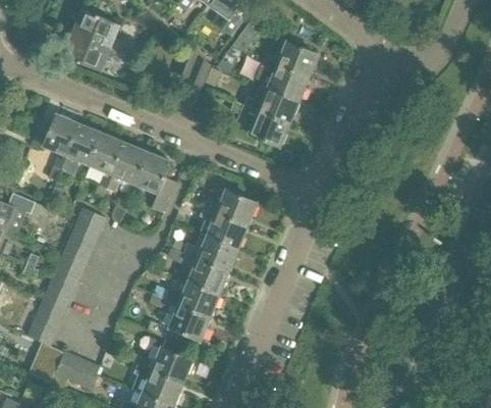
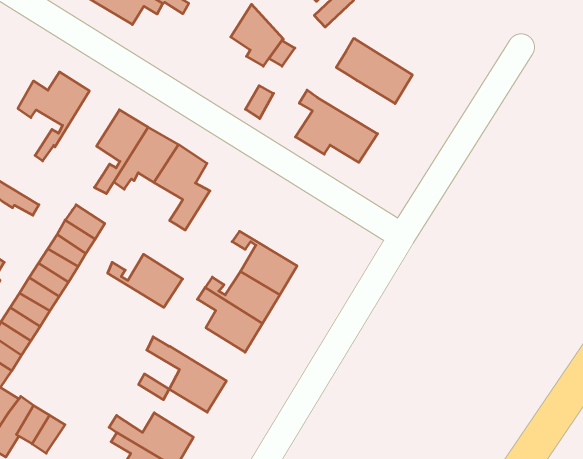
building: [263,42,318,78] -> none
building: [242,84,298,123] -> none
building: [61,124,103,173] -> none
building: [202,190,257,226] -> none
building: [165,280,219,316] -> [108,254,183,307]

